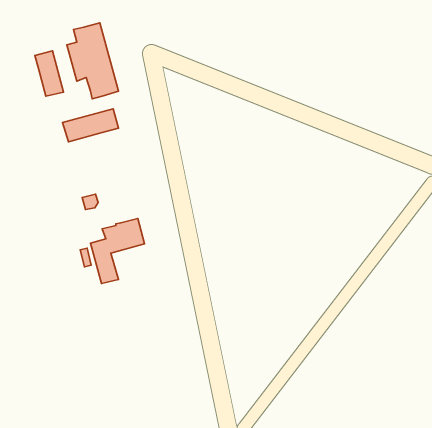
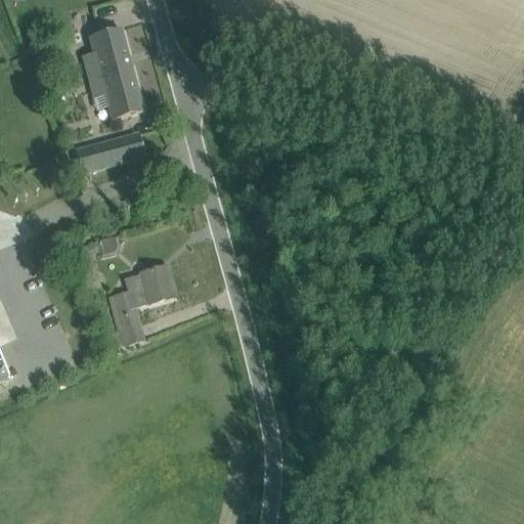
building: [35,51,64,96] -> none

